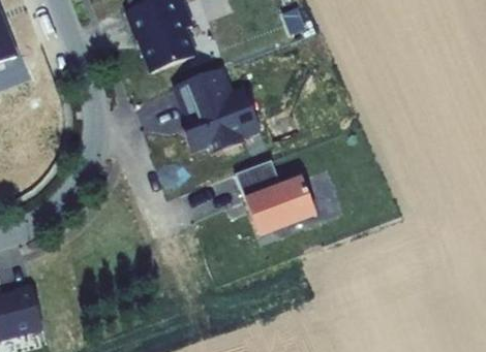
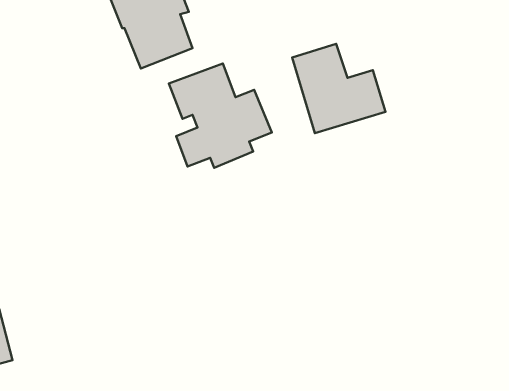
building: [238,158,314,231] -> [292,44,385,133]

